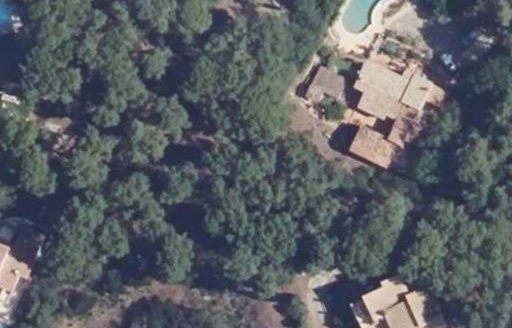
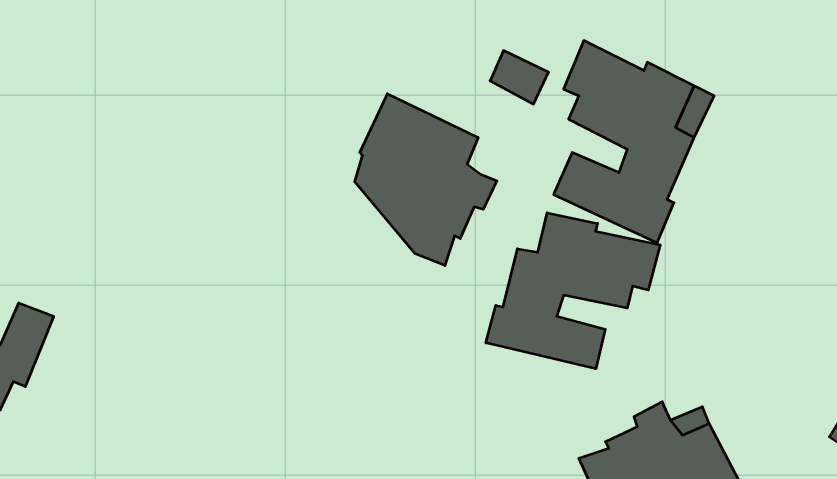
building: none -> [355,94,497,266]
building: none -> [486,213,660,369]

